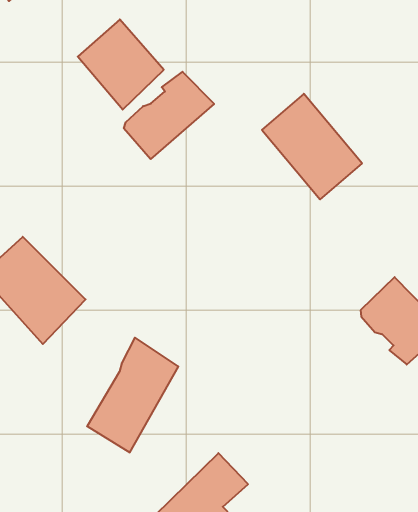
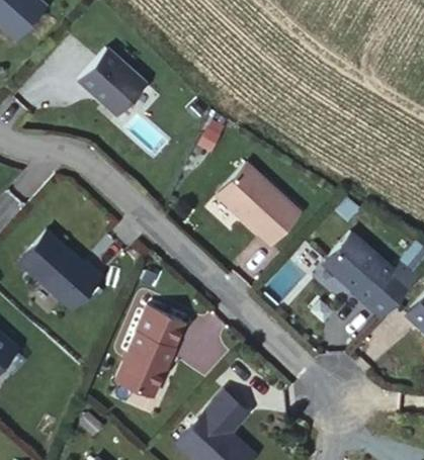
building: [124,72,214,159] -> none
building: [262,94,362,199] -> [219,163,302,246]

